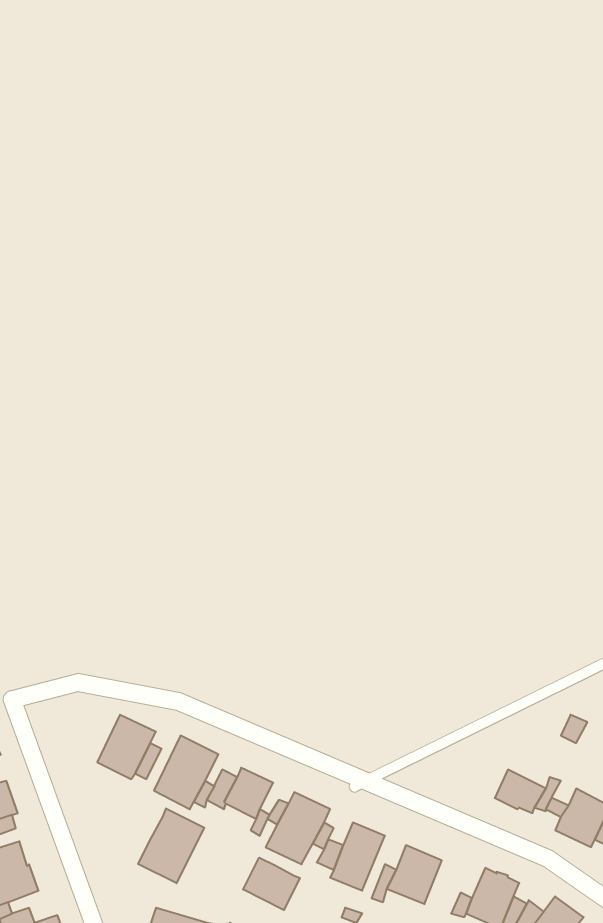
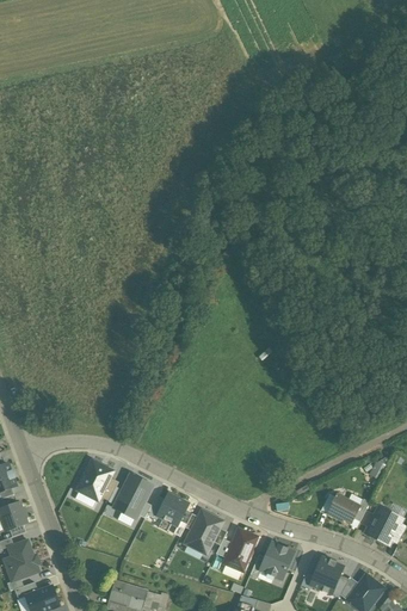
building: [138,808,204,883] -> none
building: [243,858,300,910] -> none

